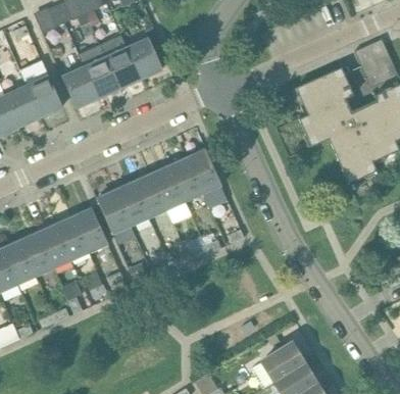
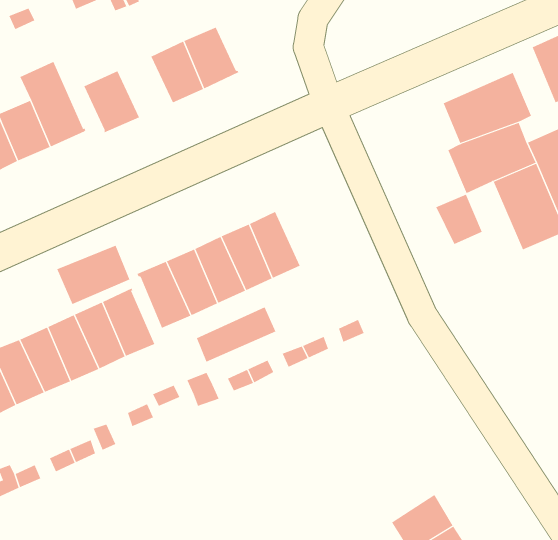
building: [78,44,119,96] -> none
building: none -> [436,194,483,245]
building: [187,149,221,193] -> none
building: none -> [57,245,130,305]
building: none -> [196,306,276,362]

